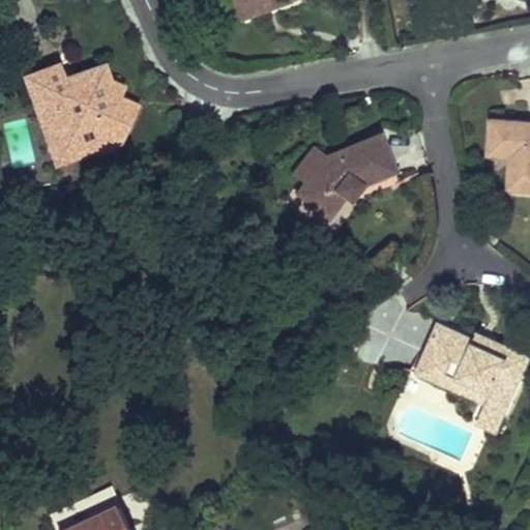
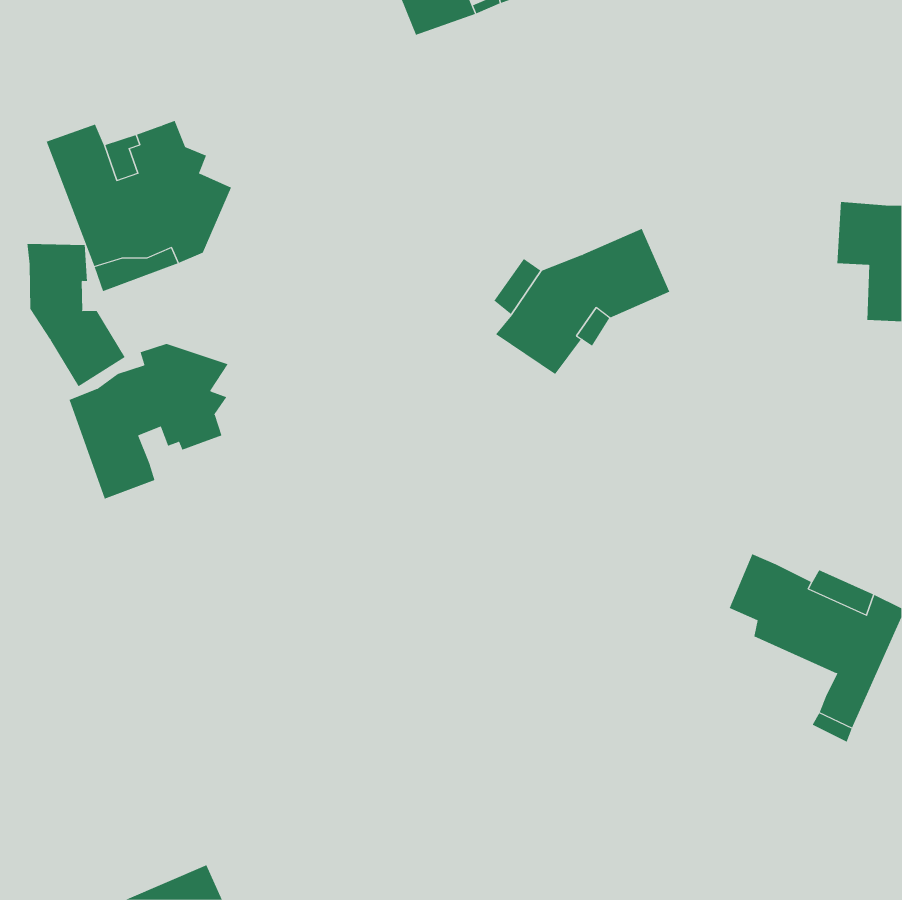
building: none -> [27,243,126,387]
building: none -> [69,343,228,500]
building: [416,356,490,407] -> none

